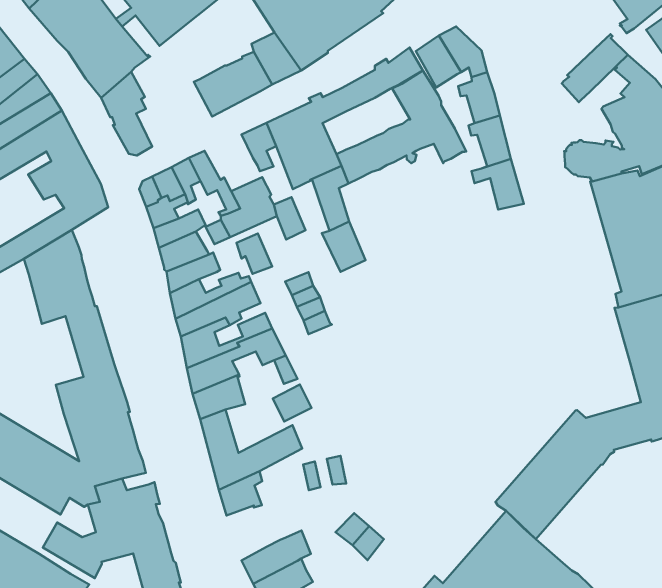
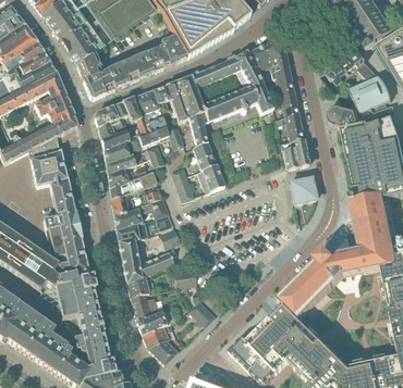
building: none -> [96,58,137,91]
building: none -> [134,88,162,118]
building: none -> [281,136,310,166]
building: none -> [198,161,225,190]
building: none -> [291,175,317,201]
building: none -> [131,290,159,320]

